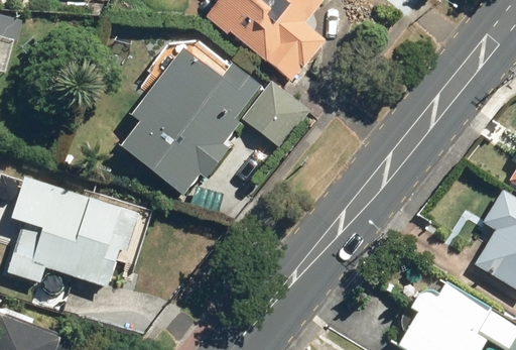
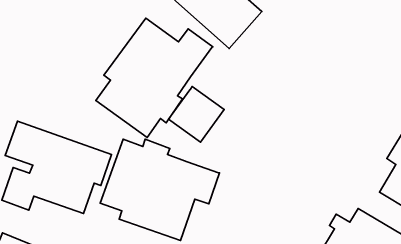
building: [239,79,307,147] -> [168,87,224,142]
building: none -> [100,139,220,240]

